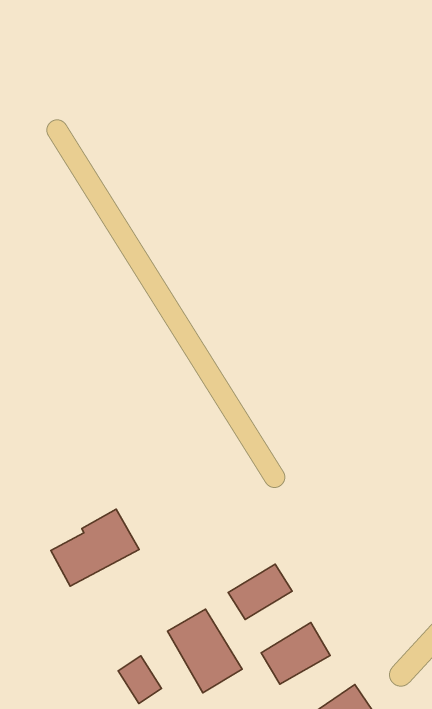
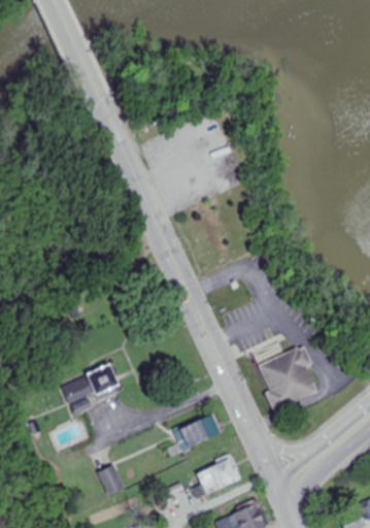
building: none -> [256,350,313,412]
building: [167,609,242,693] -> none

